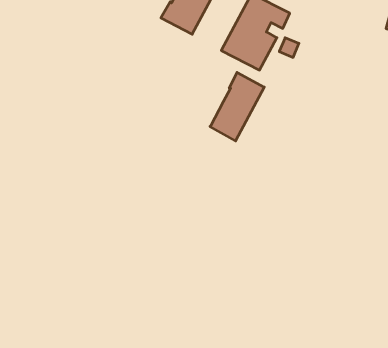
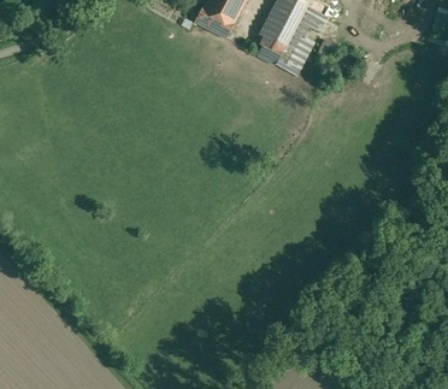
building: [210,72,264,141] -> none

